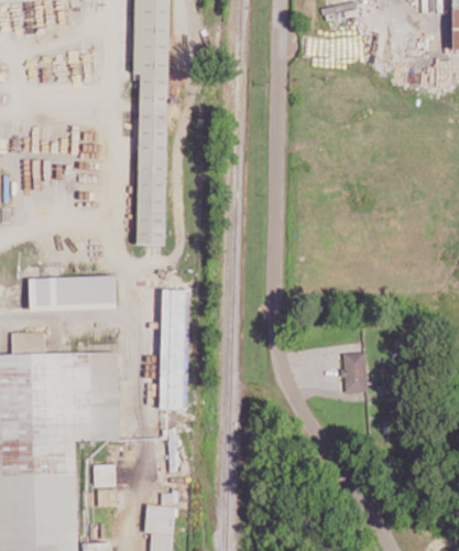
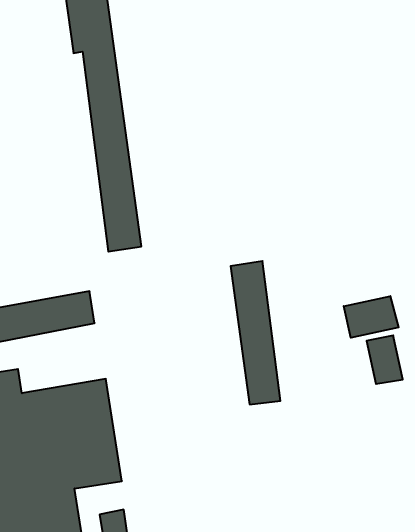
building: [160,290,189,410] -> [231,261,280,404]
building: none -> [344,296,399,338]

